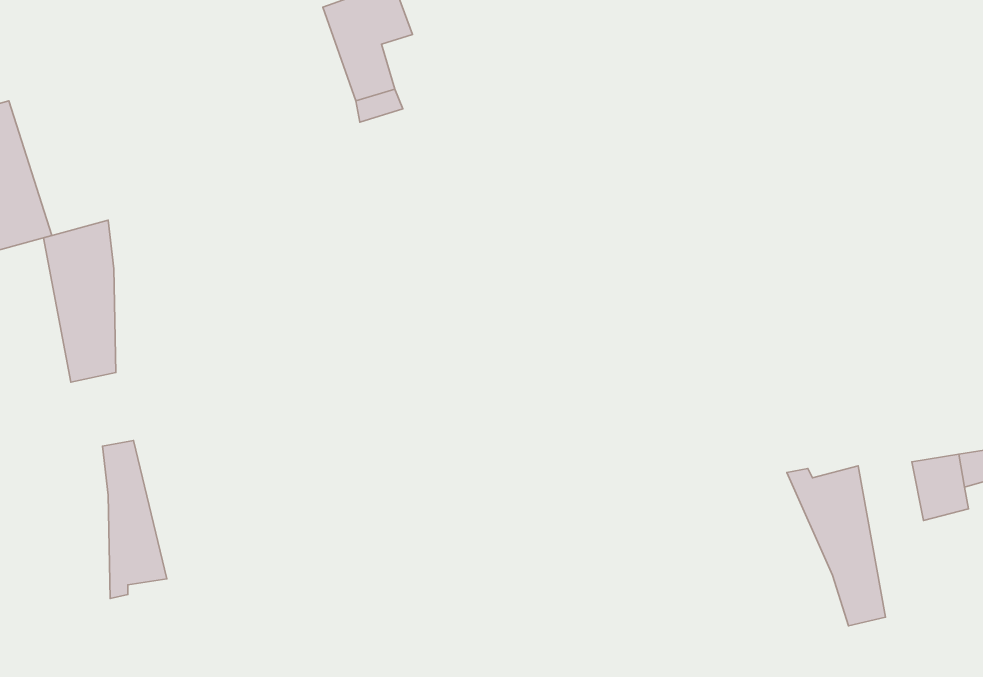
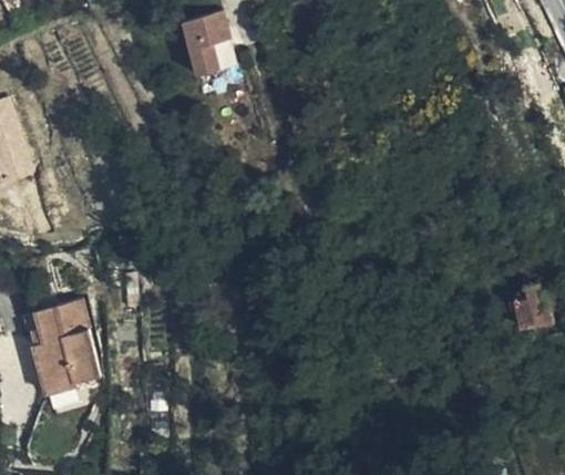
building: [44,220,116,382] -> [24,299,65,391]
building: [787,466,885,626] -> none

